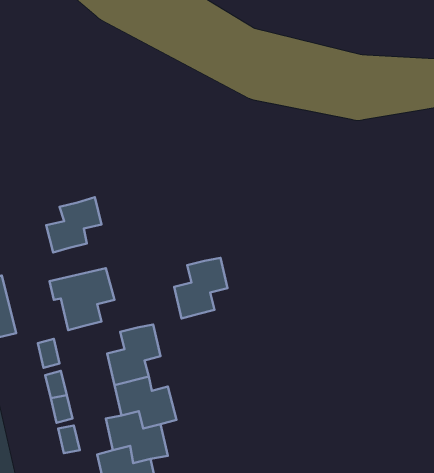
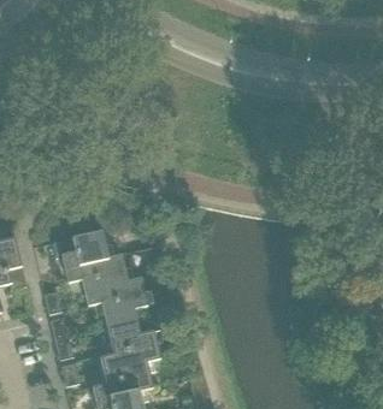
building: [46,197,102,252] -> none
building: [174,258,228,318] -> [82,254,126,304]

